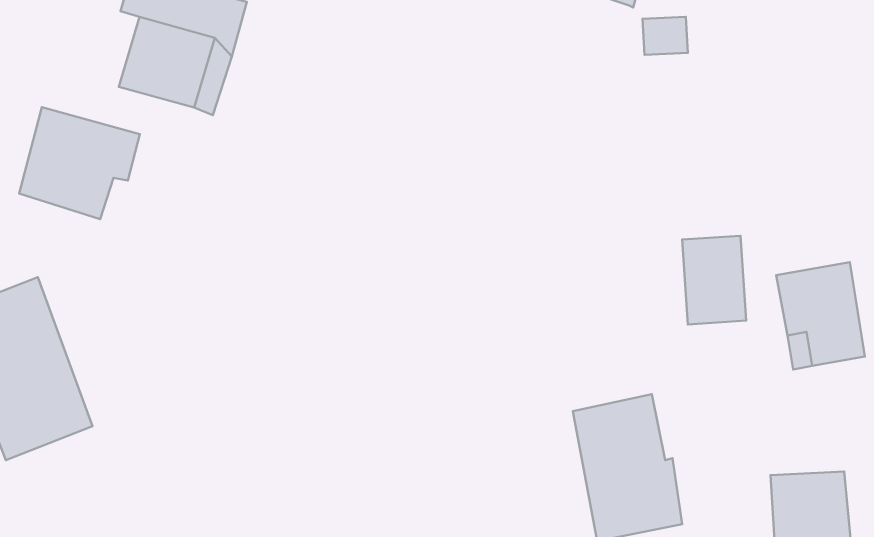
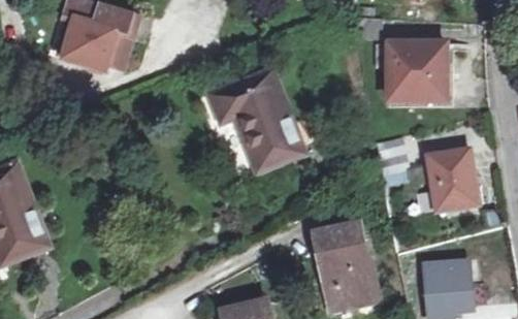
building: none -> [390,42,447,98]
building: [19,107,140,219] -> none
building: none -> [208,72,301,172]

